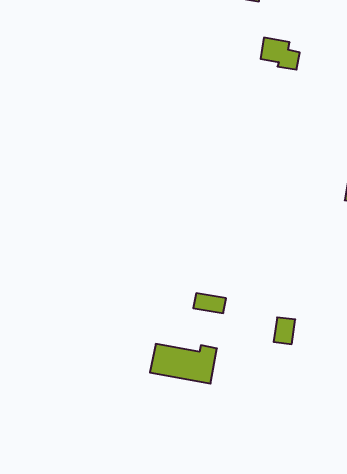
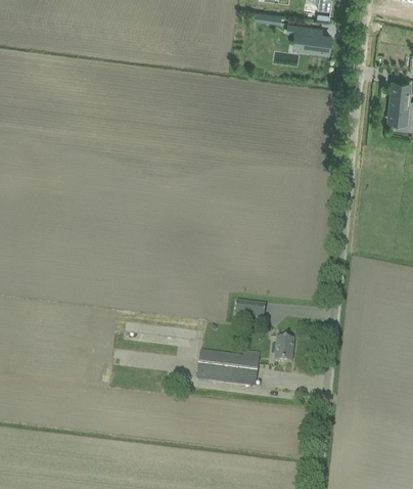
building: [261,38,300,70] -> [294,24,331,52]
building: [274,317,295,344] -> [274,339,293,363]

